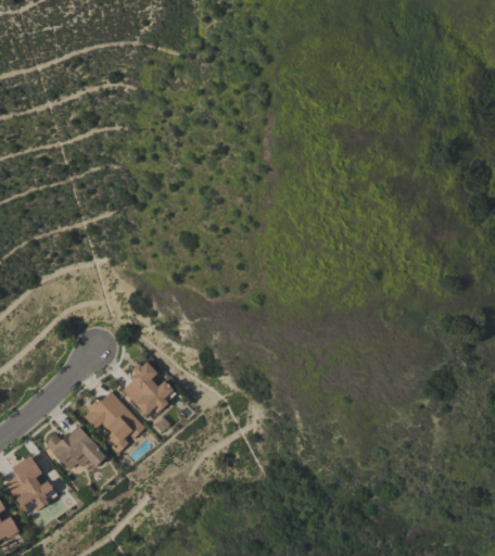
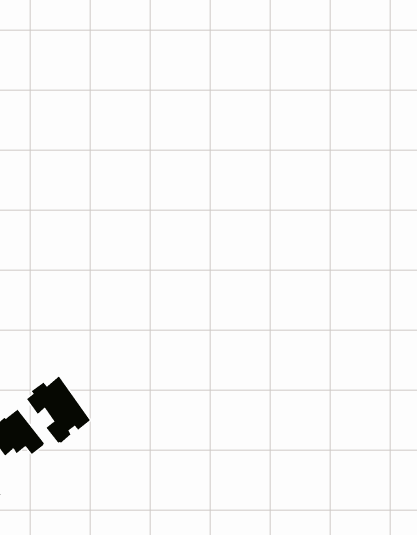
building: [123,362,177,415] -> none

